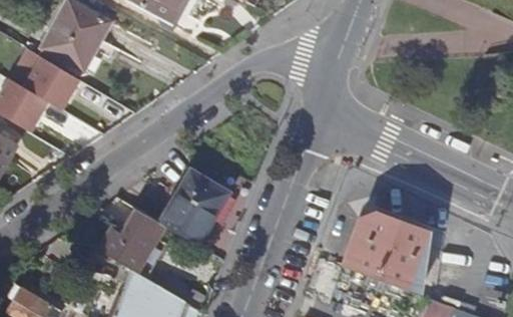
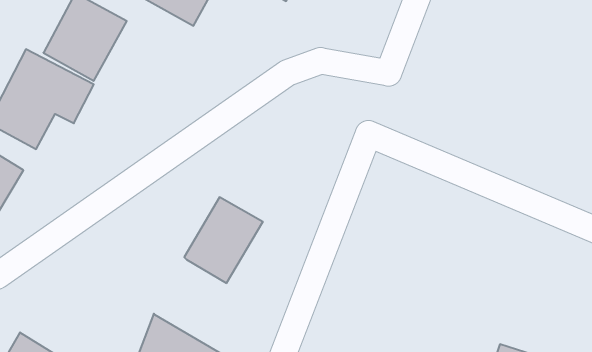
building: [100,209,163,272] -> none
building: [343,212,431,294] -> none

